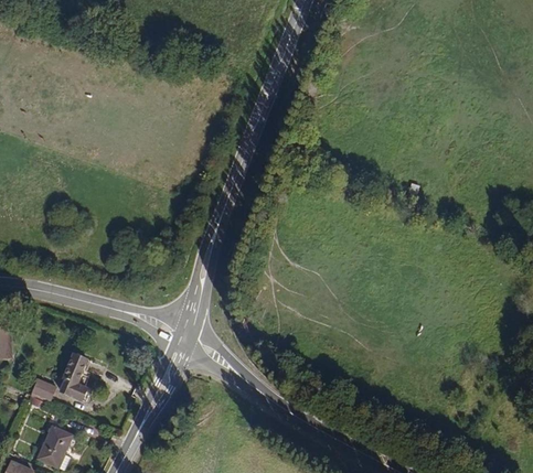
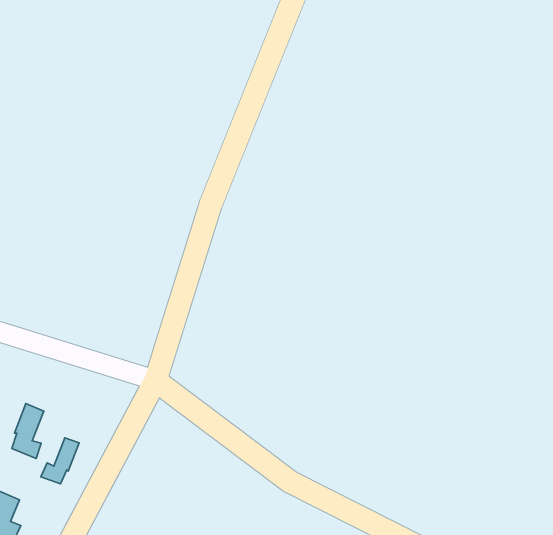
building: none -> [41,438,79,484]

